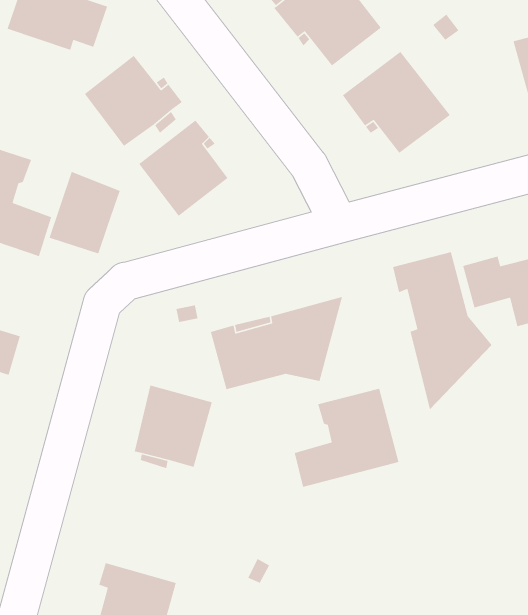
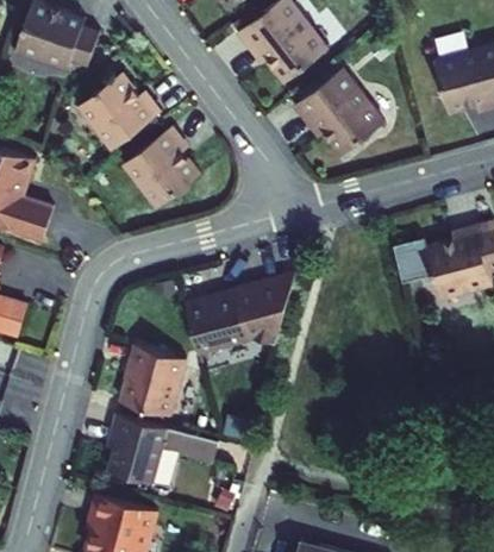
building: [48,171,121,254] -> none
building: [392,251,492,410] -> none
building: [294,388,400,488] -> none
building: none -> [108,413,218,482]

